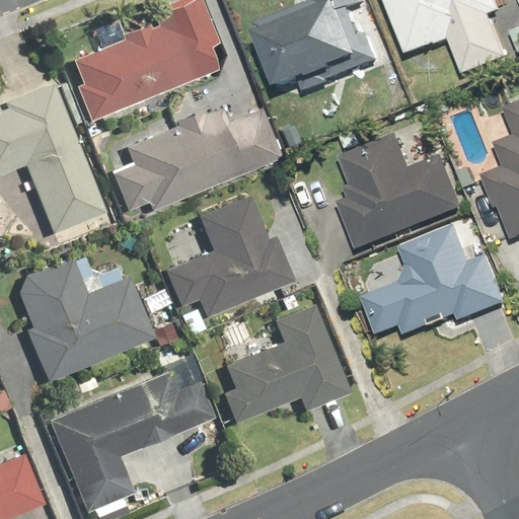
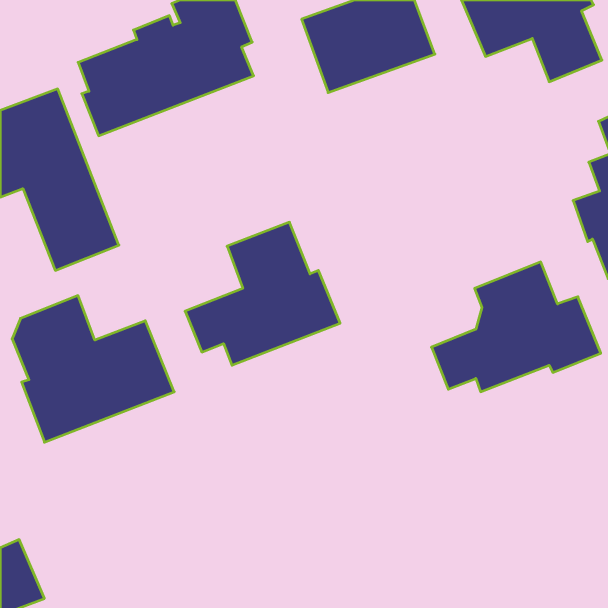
building: [110,105,283,211] -> none
building: [343,132,469,249] -> none
building: [221,304,348,420] -> none
building: [47,370,213,511] -> none

